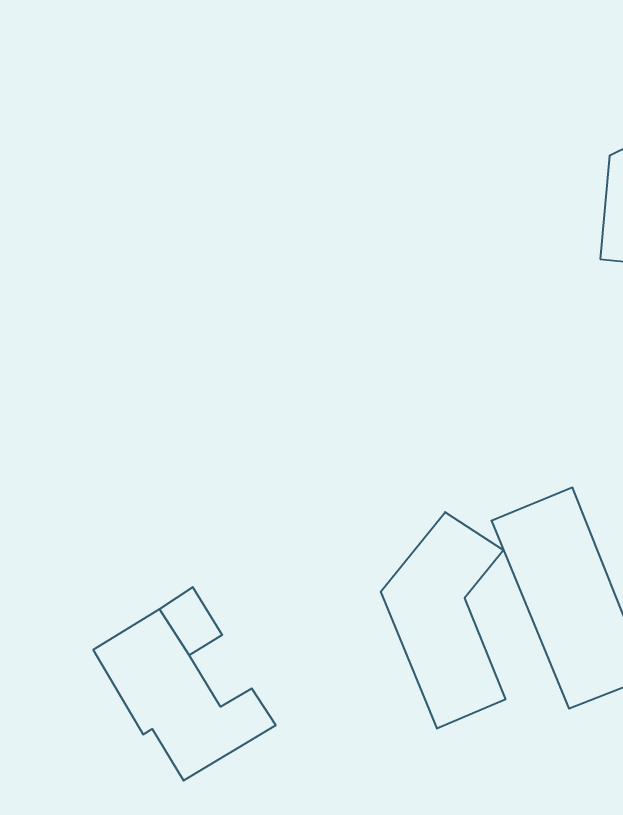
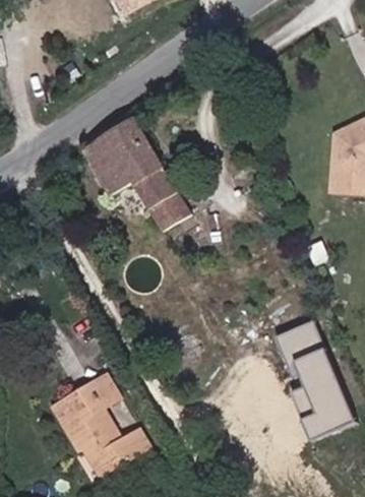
building: none -> [84,117,191,231]
building: [381,512,505,729] -> none

